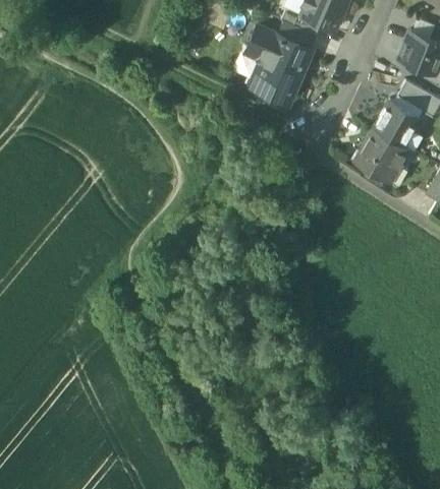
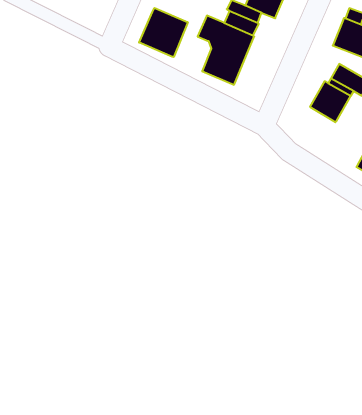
building: none -> [139,8,188,57]
building: [352,130,407,184] -> none

